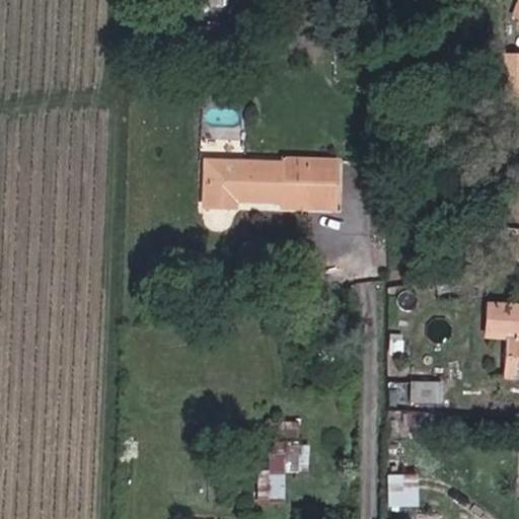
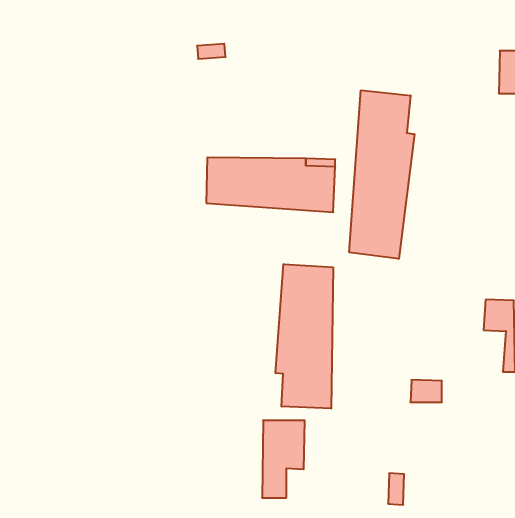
building: none -> [349,90,414,259]
building: none -> [276,264,333,409]

